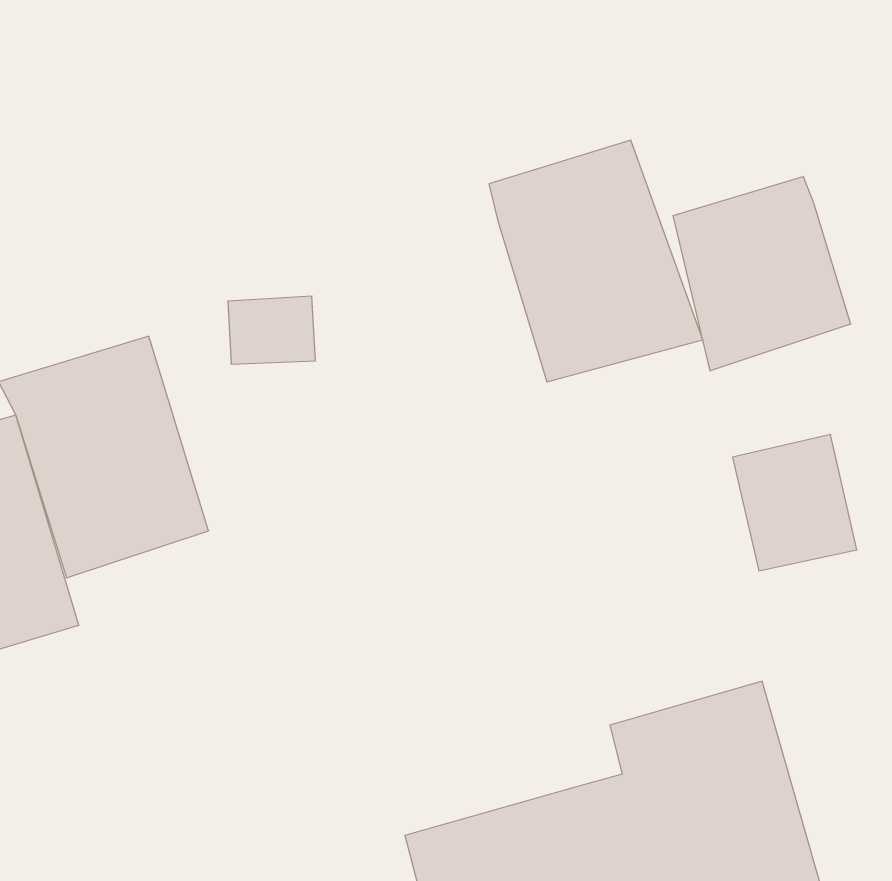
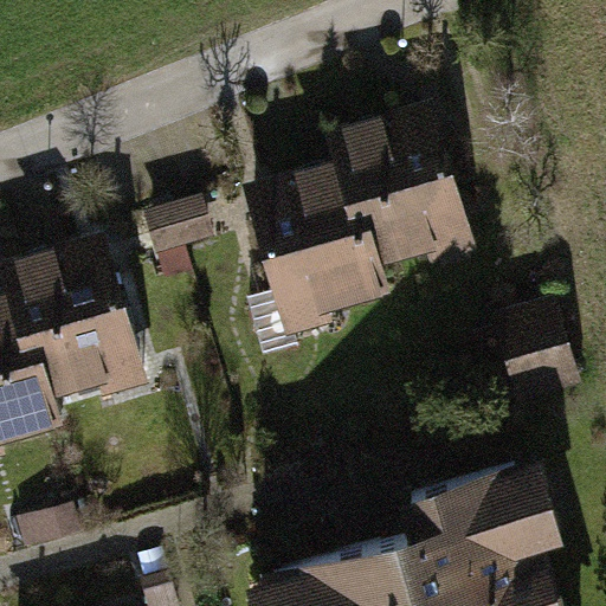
building: [673,176,850,371] -> none
building: none -> [245,159,383,346]

